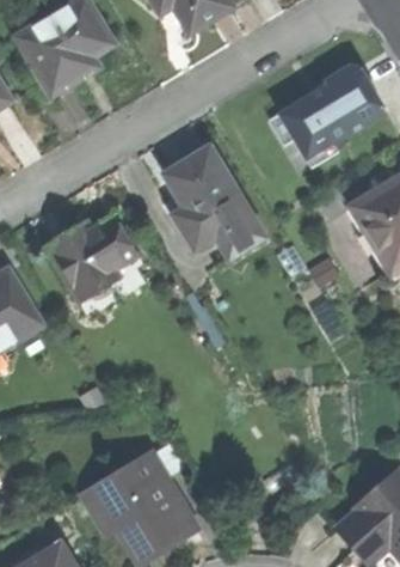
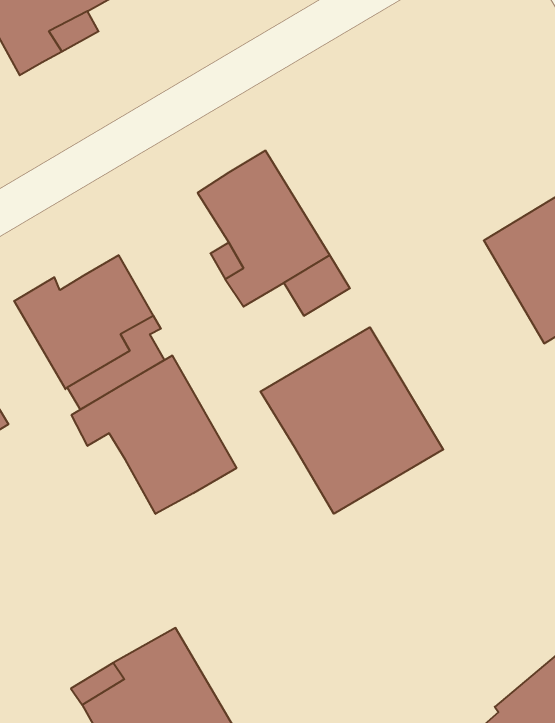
building: [281,65,382,156] -> none
building: none -> [260,327,443,514]
building: none -> [72,355,236,514]

